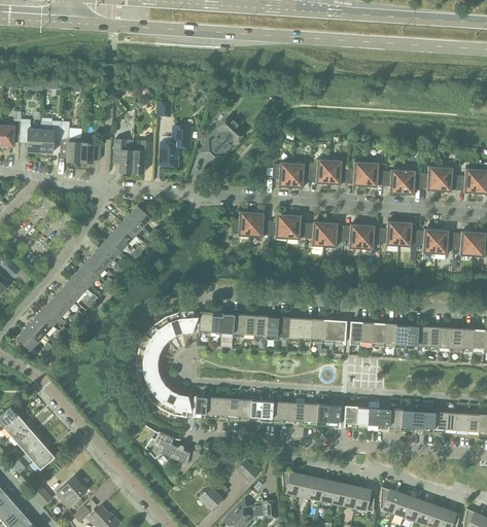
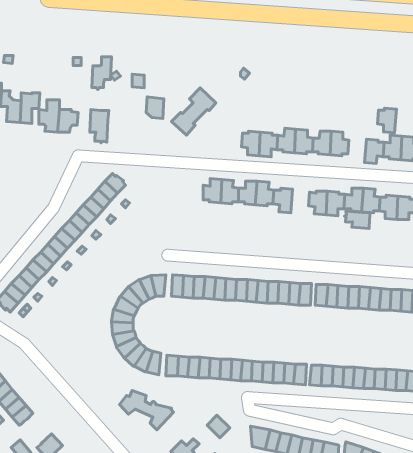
building: [132,140,152,174] -> [92,57,111,89]
building: [160,141,179,165] -> none
building: [384,168,404,194] -> [378,108,396,133]
building: [324,221,344,246] -> none
building: none -> [345,211,370,228]

